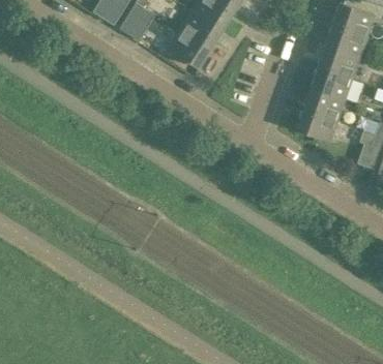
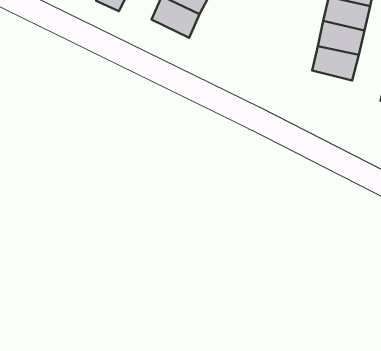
building: [295,108,336,142] -> none

